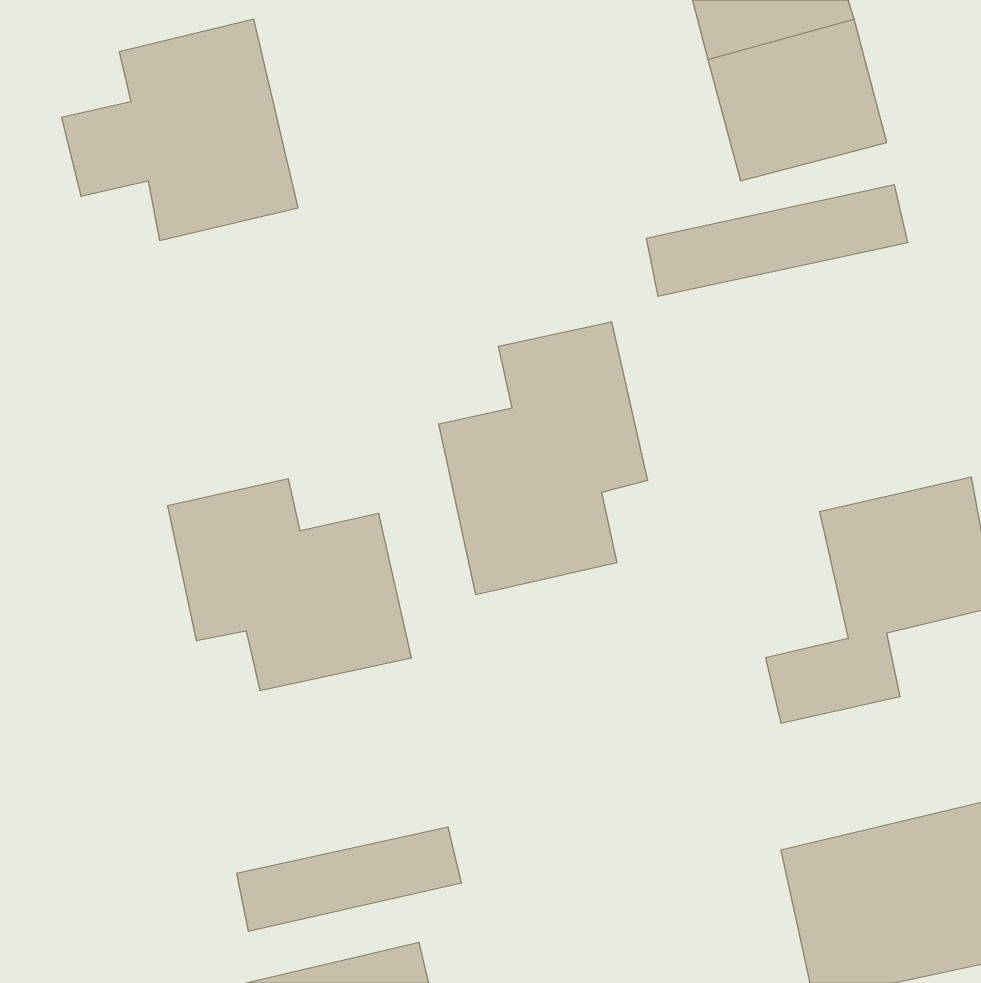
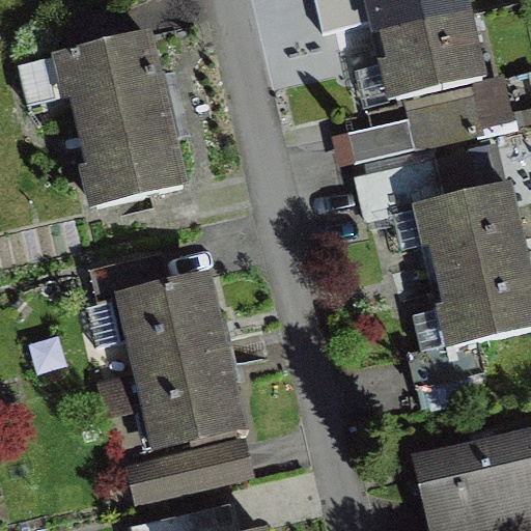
building: none -> [87,112,178,200]
building: none -> [364,161,525,276]
building: [439,322,647,595] -> none
building: none -> [141,355,239,445]

